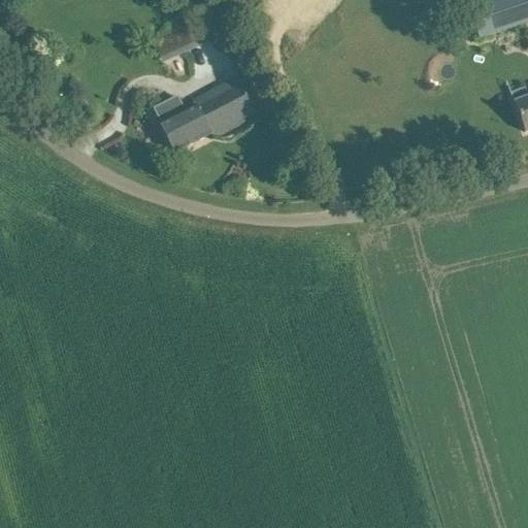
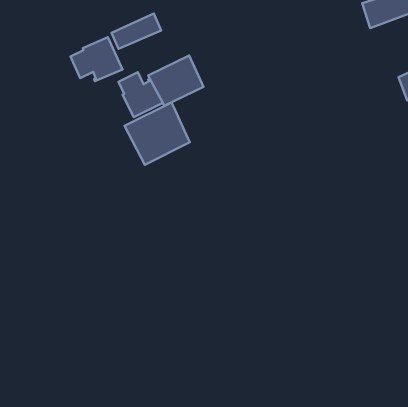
building: none -> [71,37,122,81]
building: none -> [125,103,190,165]

